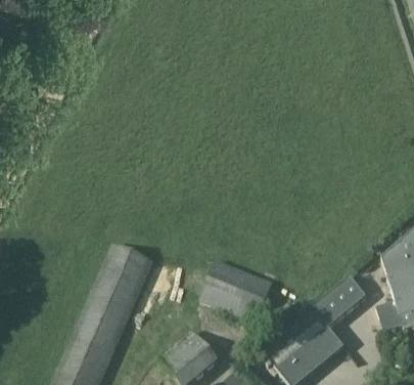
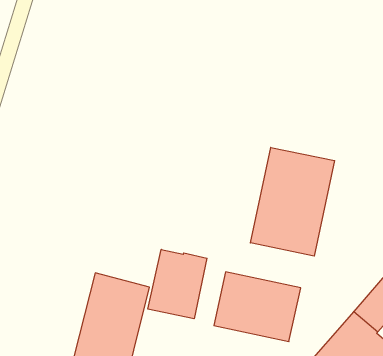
building: none -> [250,147,335,256]
building: none -> [148,249,207,319]

